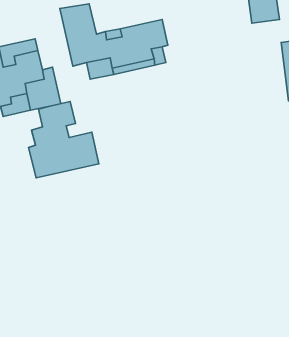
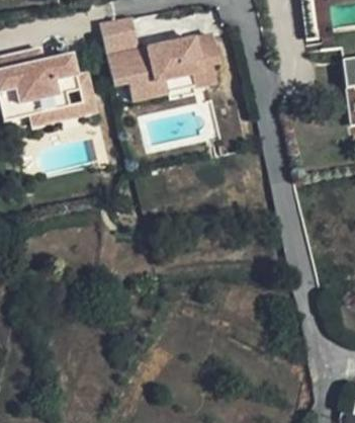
building: [29,102,99,178] -> none

